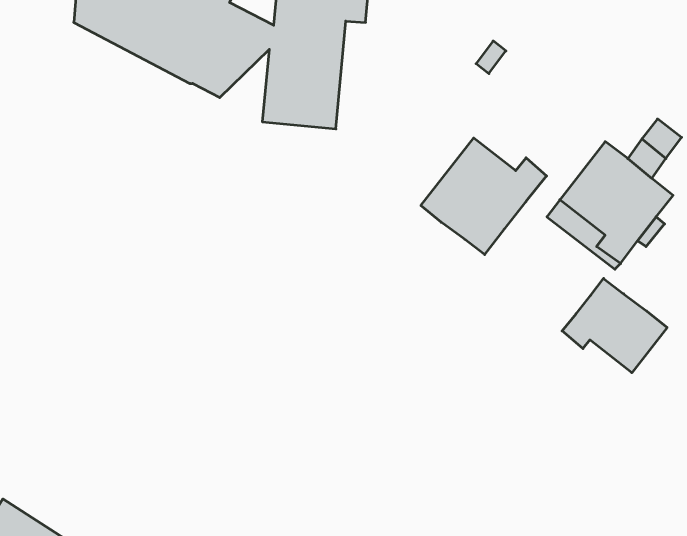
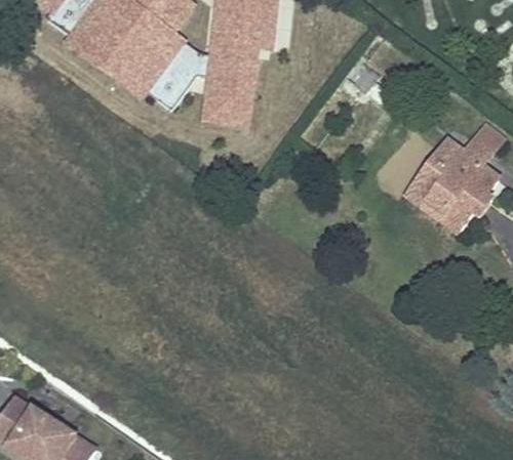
building: [421,138,547,255] -> none
building: [562,278,667,373] -> none

